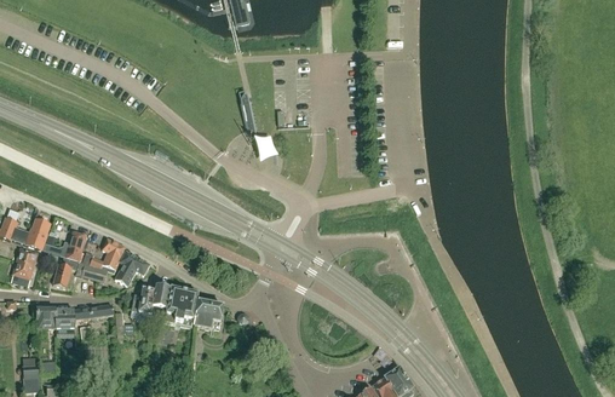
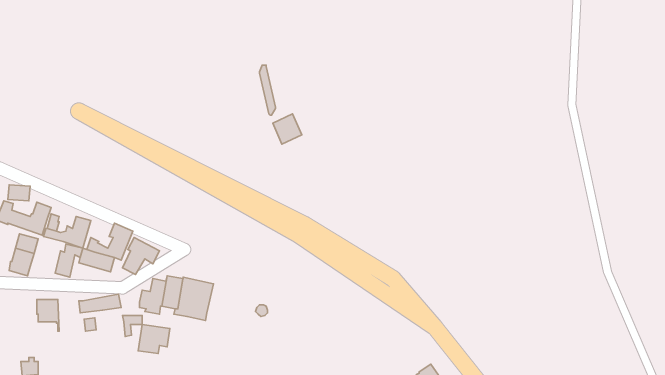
building: [194,301,223,328] -> [138,325,170,354]
building: [56,307,76,336] -> none

